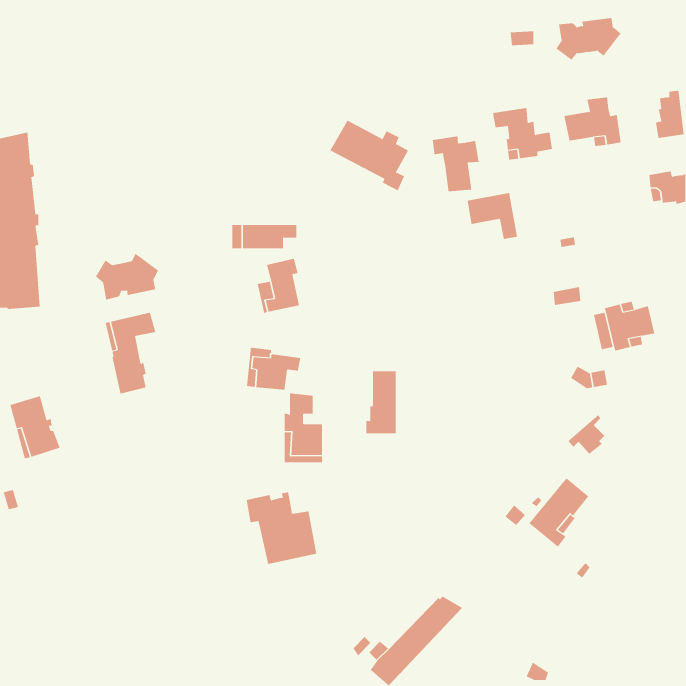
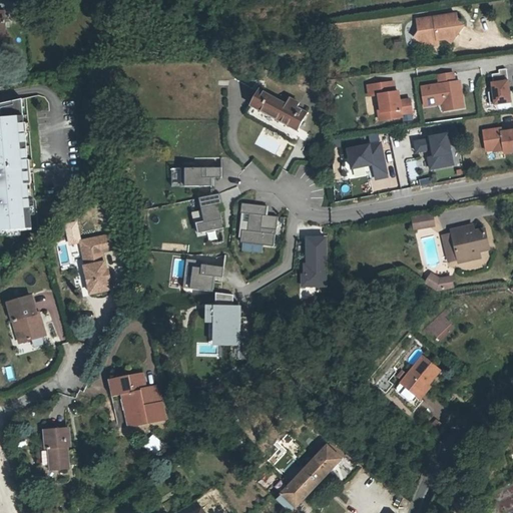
building: [432,136,479,192] -> none
building: none -> [414,133,453,168]
building: [95,253,159,300] -> none
building: none -> [240,202,278,245]
building: [366,371,397,434] -> [302,237,325,285]
building: [246,492,317,565] -> [110,372,163,426]
building: none -> [43,428,69,468]

